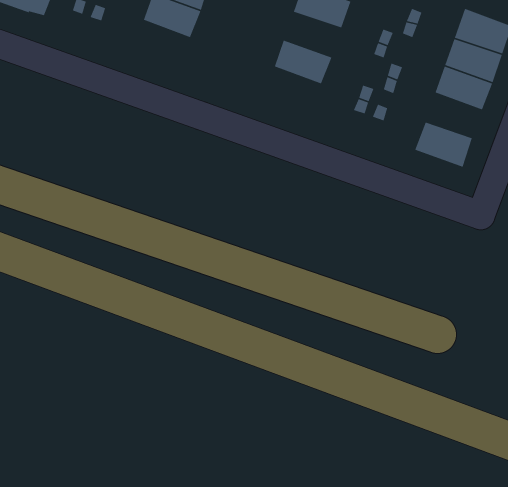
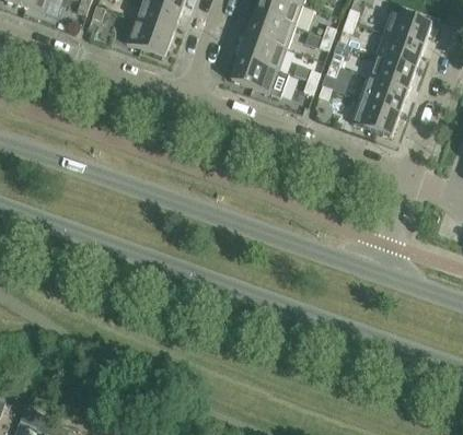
building: none -> [247,11,294,47]
building: none -> [126,17,173,55]
building: none -> [231,55,289,96]
building: none -> [361,75,407,111]

